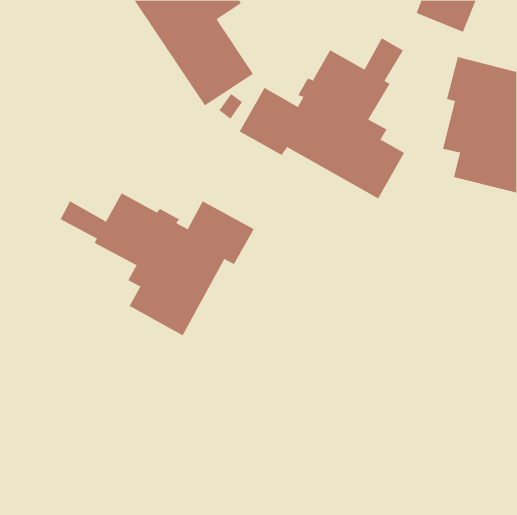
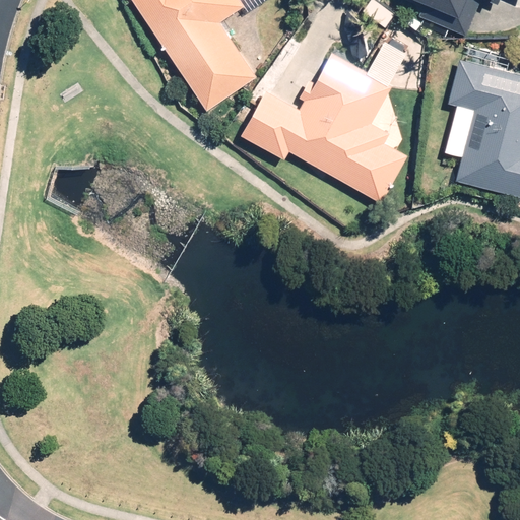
building: [60,192,254,336] -> none

